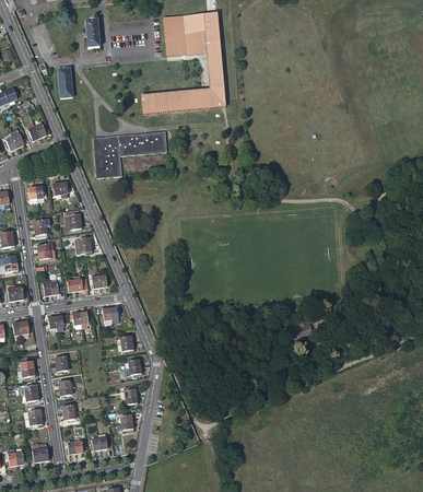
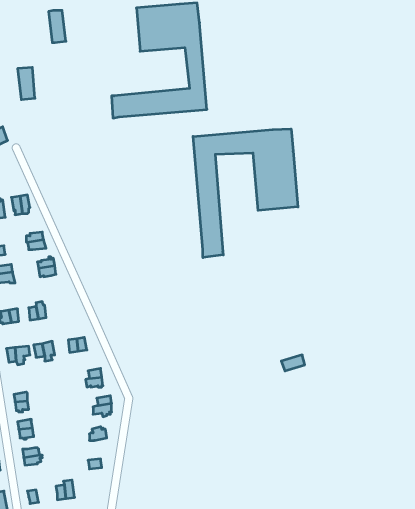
building: none -> [193,129,298,258]
building: [93,131,167,177] -> none

